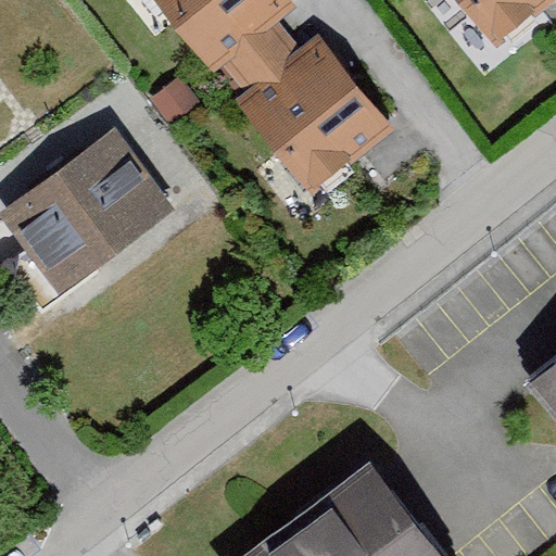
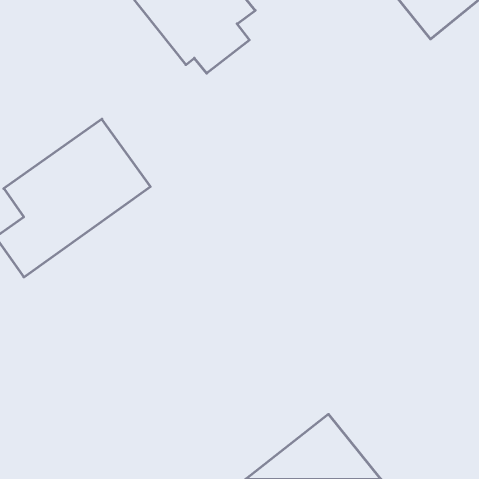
building: [235,35,390,193] -> none

